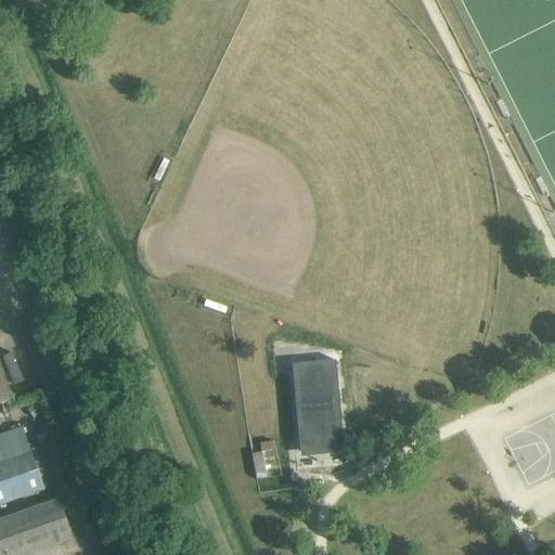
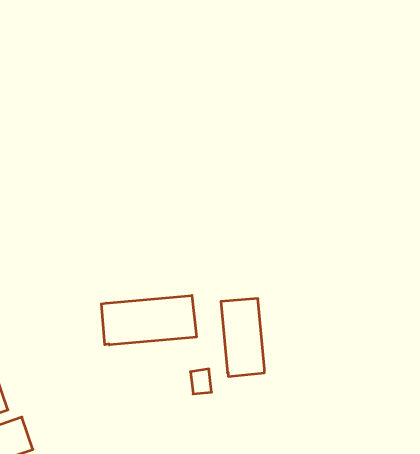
building: none -> [101,295,196,345]

